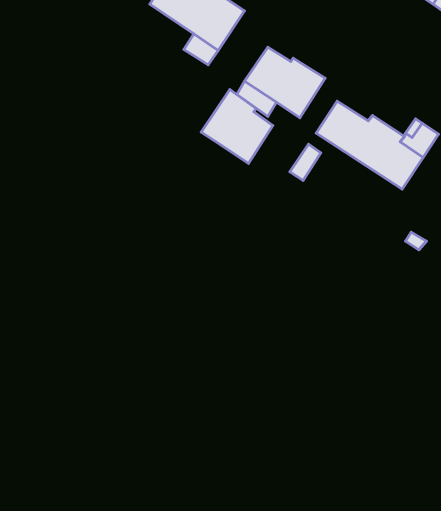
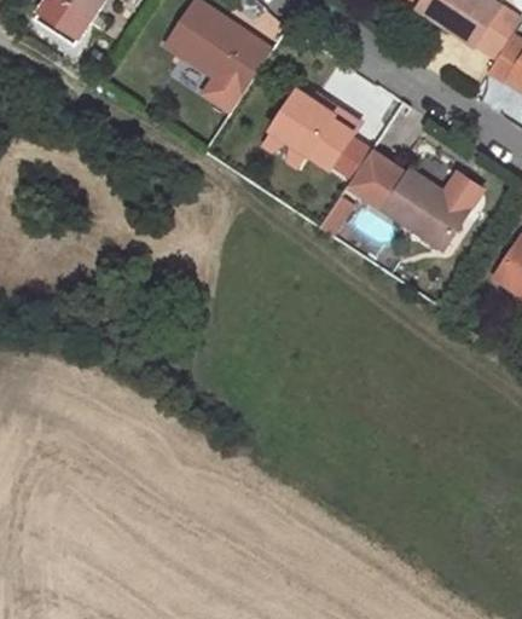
building: [201,90,273,163] -> none

